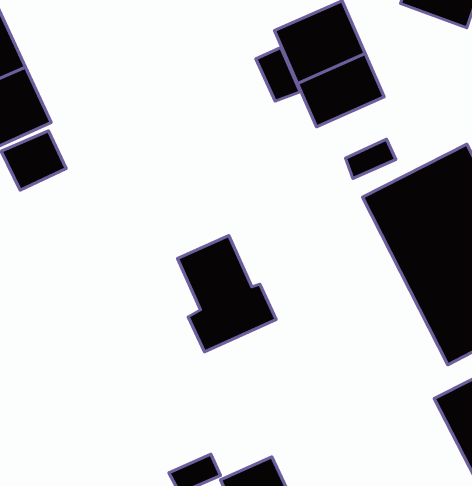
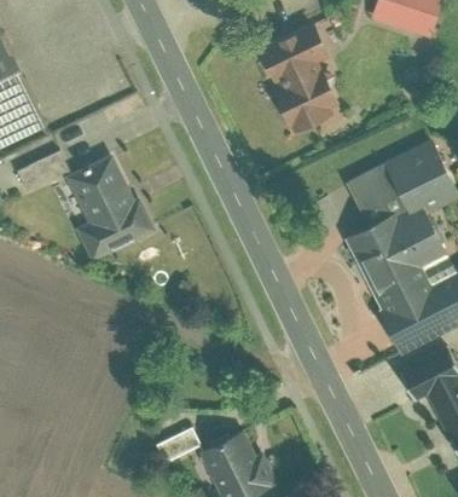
building: [256,48,300,101] -> none
building: [345,139,396,179] -> none
building: [177,236,276,352] -> [70,156,158,260]

